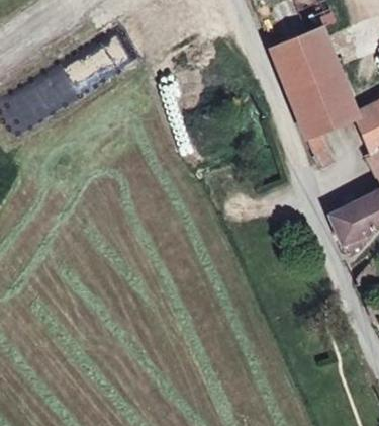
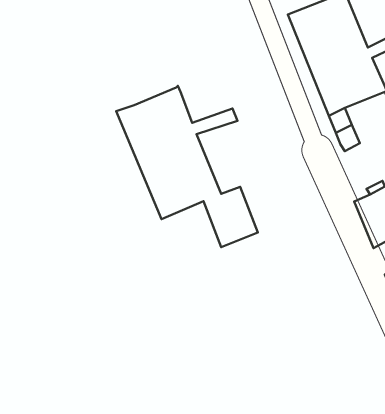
building: none -> [116,86,258,247]

